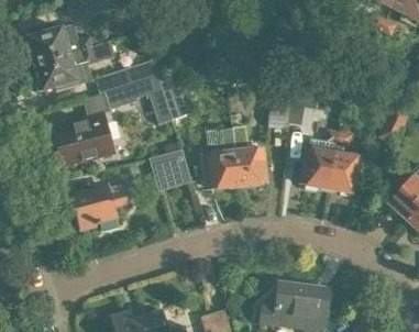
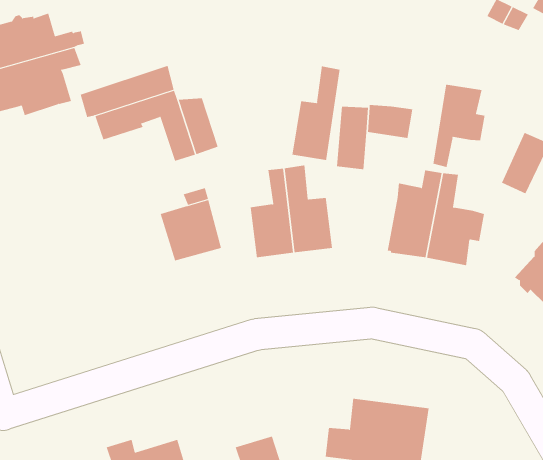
building: none -> [292,65,340,161]
building: none -> [433,84,485,168]
building: [54,113,112,165] -> none
building: [71,184,129,229] -> none

